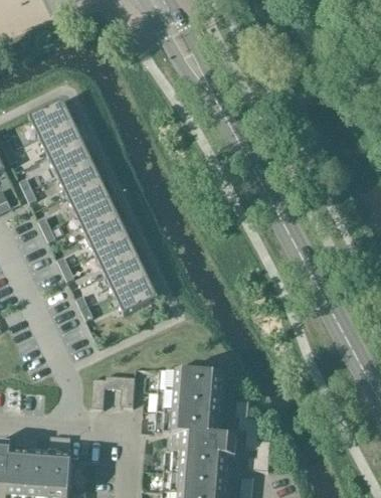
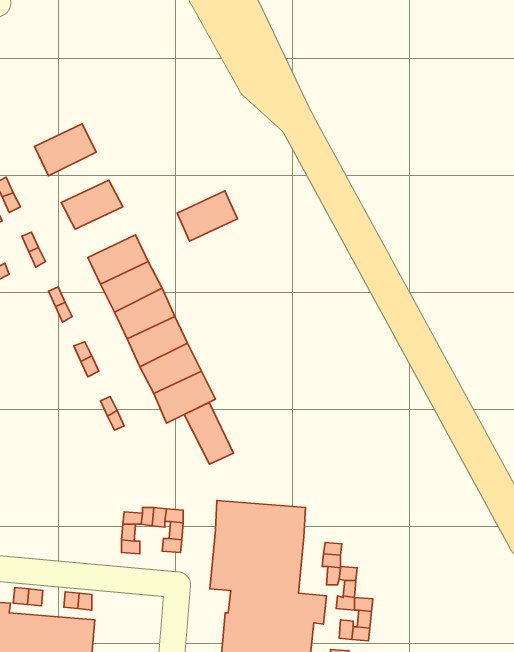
building: [39,120,82,156] -> none
building: [58,159,102,195] -> [177,191,237,241]
building: none -> [184,402,234,464]

